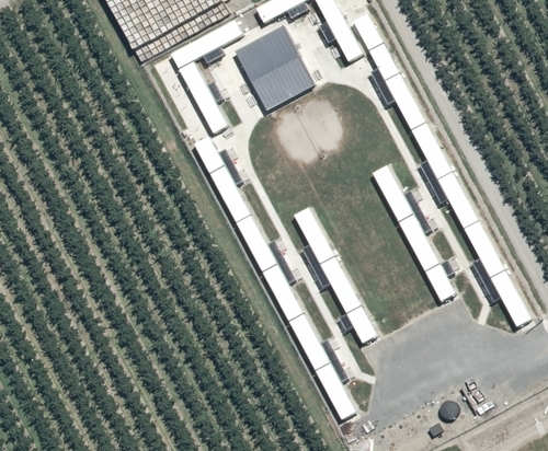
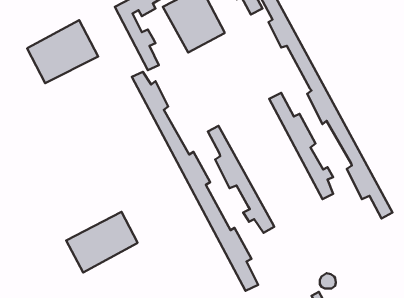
building: none -> [27,20,98,83]
building: none -> [66,212,138,272]

